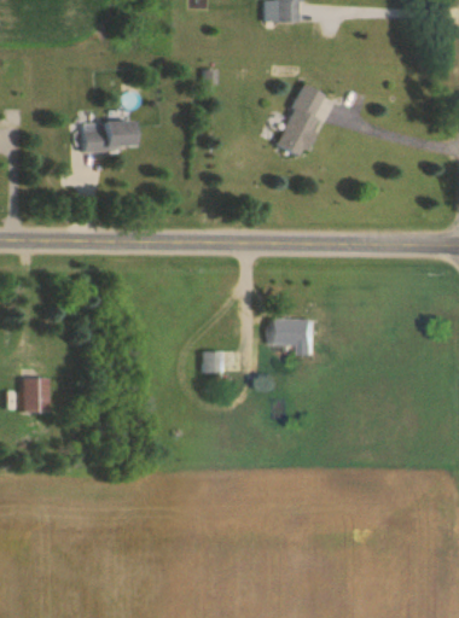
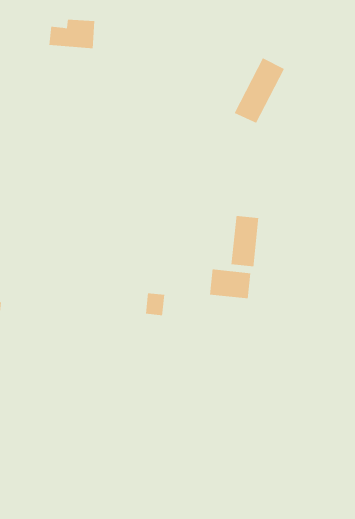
building: [81,119,129,151] -> [49,19,95,49]
building: none -> [231,215,259,267]

